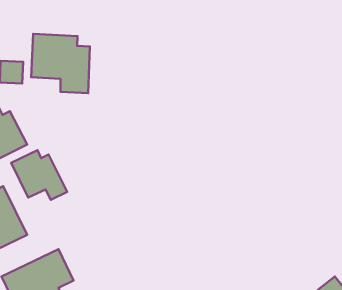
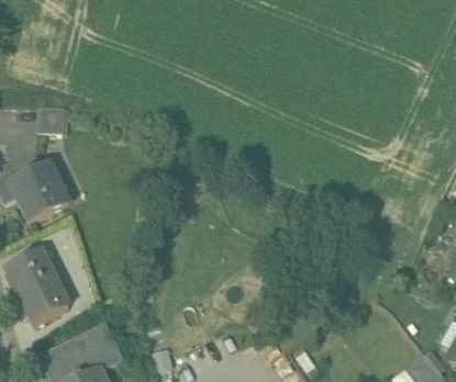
building: [31,34,90,93] -> none
building: [11,150,67,200] -> none

